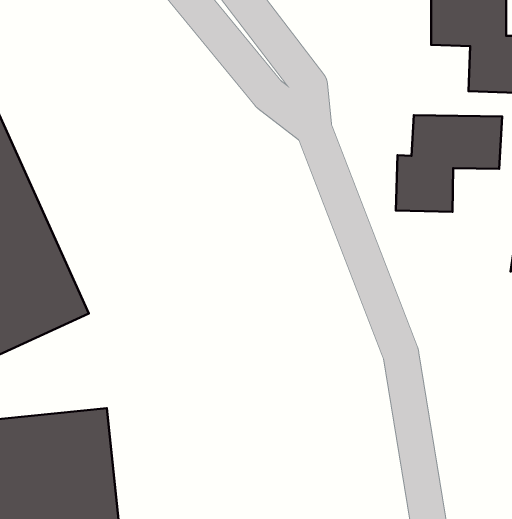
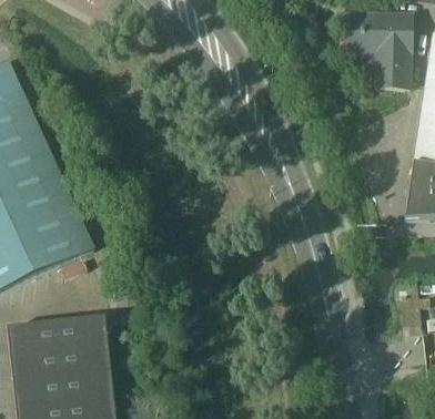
building: [396,115,502,212] -> none

